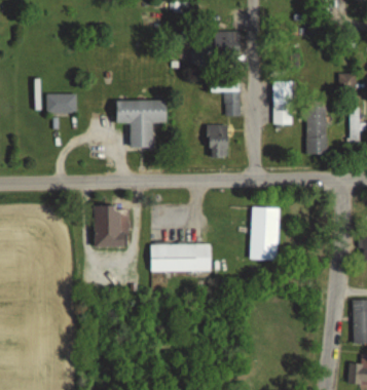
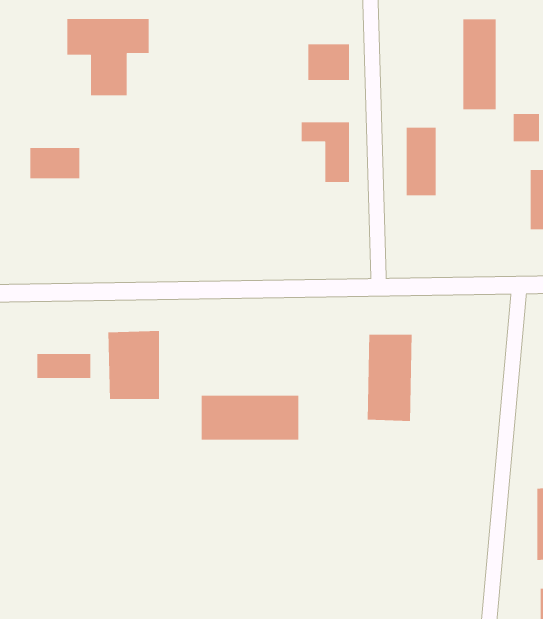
building: [307,100,328,155] -> [463,19,496,110]
building: [116,102,167,149] -> [67,18,150,96]
building: [209,124,227,158] -> none
building: none -> [36,353,91,379]

